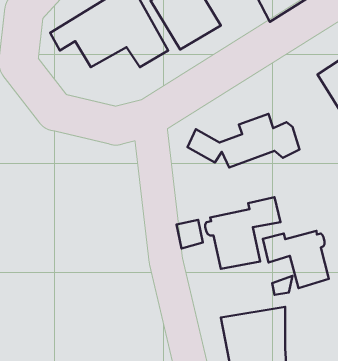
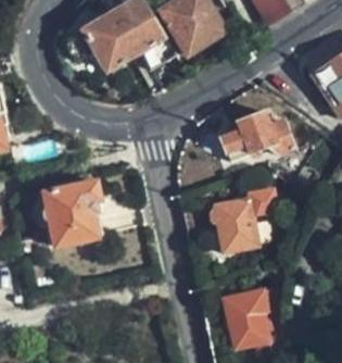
building: none -> [39,179,98,245]
building: [263,231,329,288] -> none

